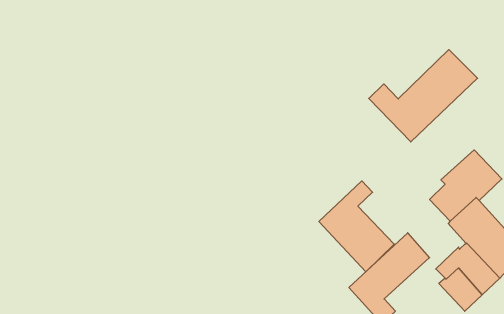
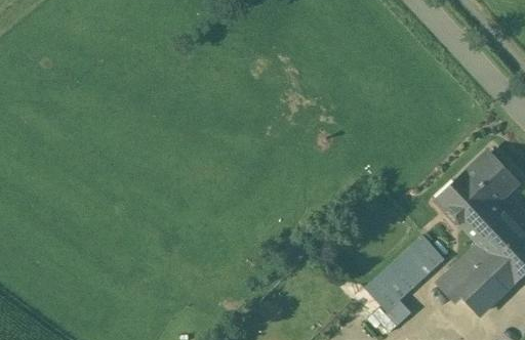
building: [369,50,478,142] -> none
building: [319,181,394,272] -> none

